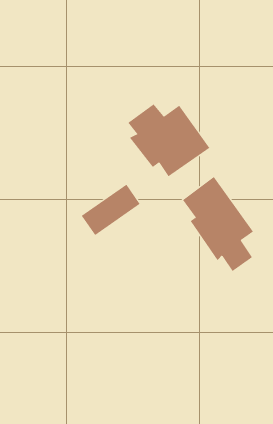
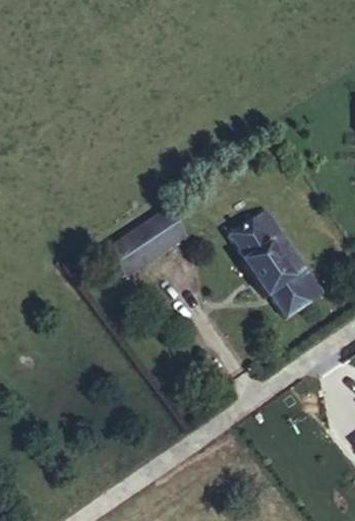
building: [127,104,210,177] -> none

